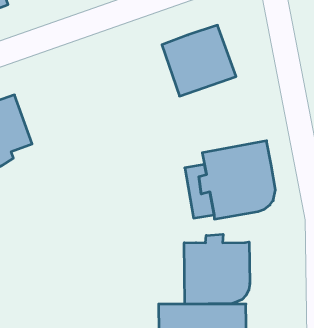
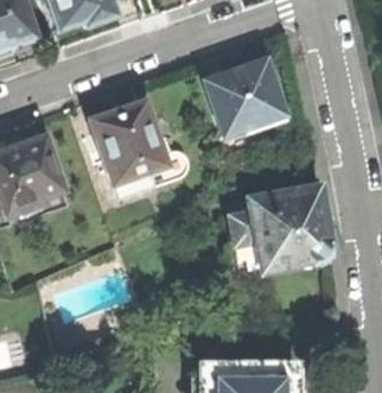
building: none -> [91,99,167,194]
building: [184,234,250,304] -> none

